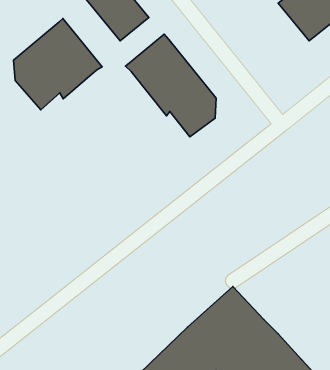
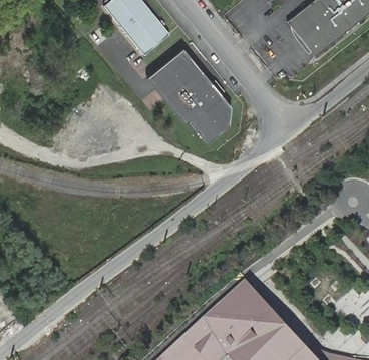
building: [13,19,102,110] -> none

